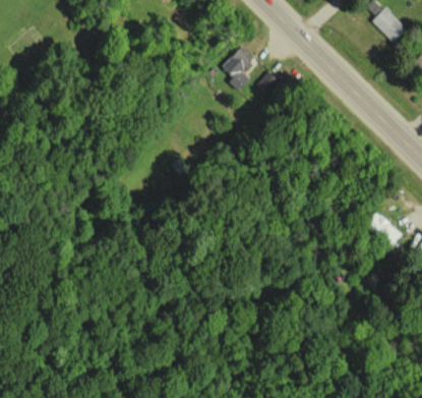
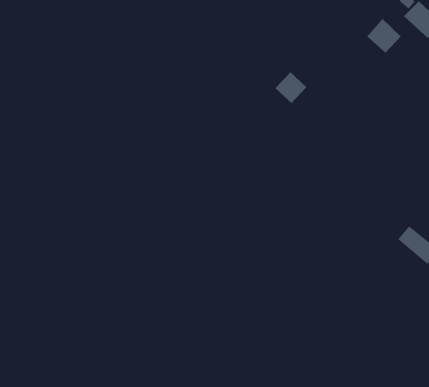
building: none -> [367,18,402,54]
building: [222,45,254,91] -> none

